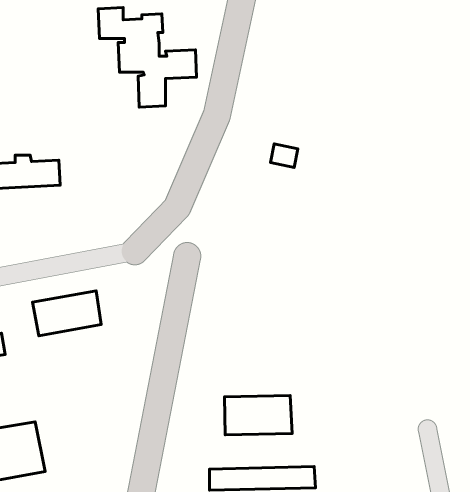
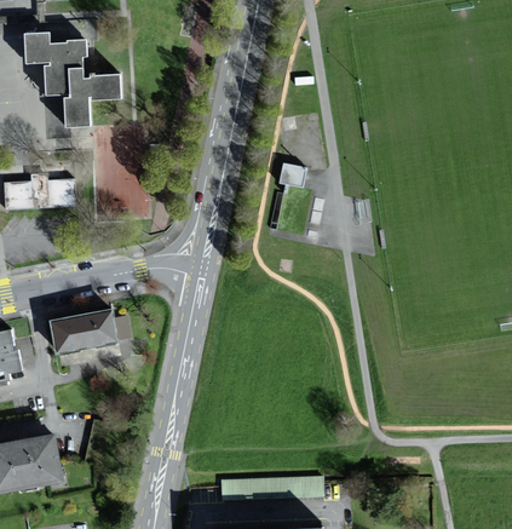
building: [98,8,197,107] -> [23,34,119,131]
building: [225,395,292,435] -> none

